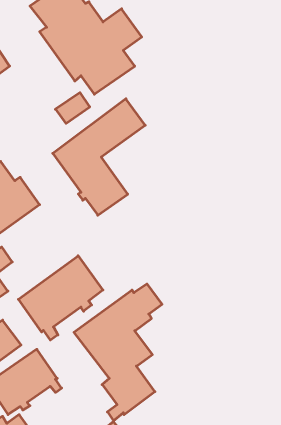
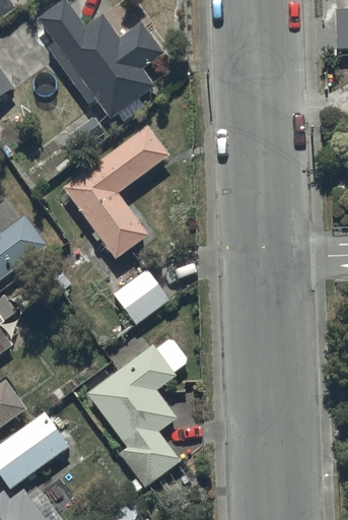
building: none -> [114,268,169,324]
building: [18,256,103,340] -> none

